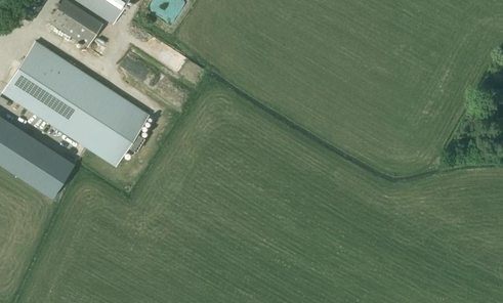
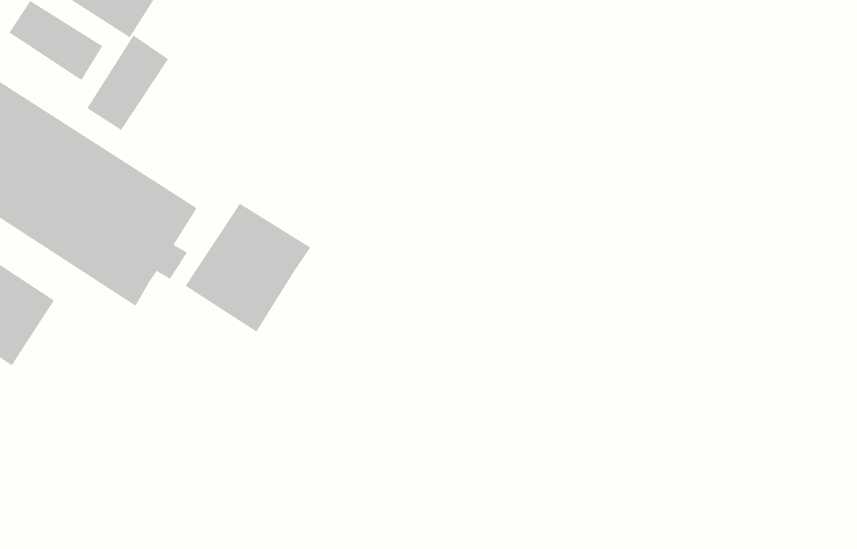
building: none -> [86,35,169,131]
building: none -> [185,203,311,332]

